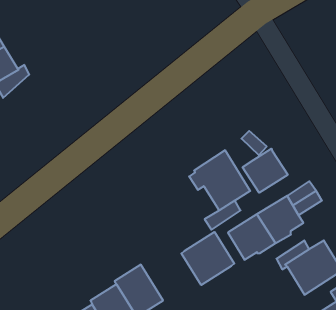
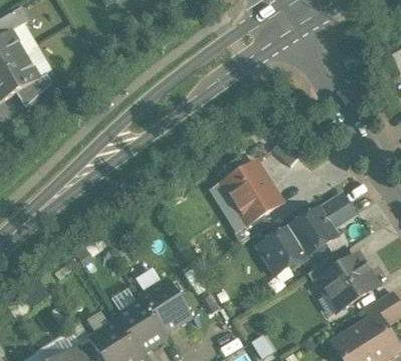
building: [243,149,288,193] -> none
building: [181,232,234,285] -> none

